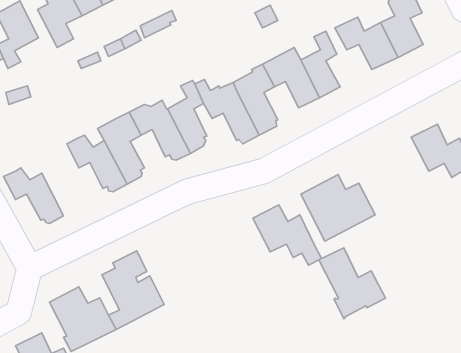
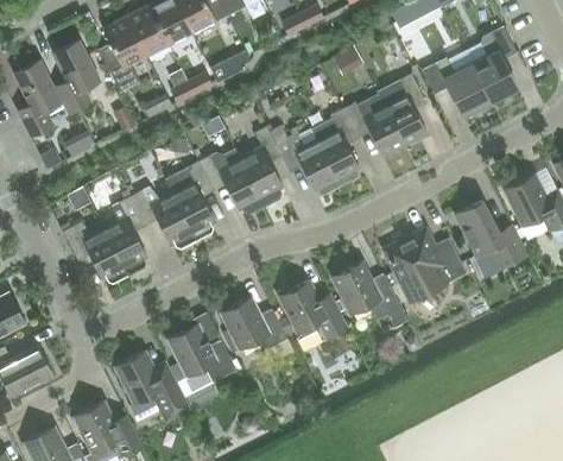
building: none -> [103,195,147,273]
building: none -> [280,280,349,341]
building: none -> [222,296,287,352]
building: [319,248,385,319] -> [455,200,527,277]

